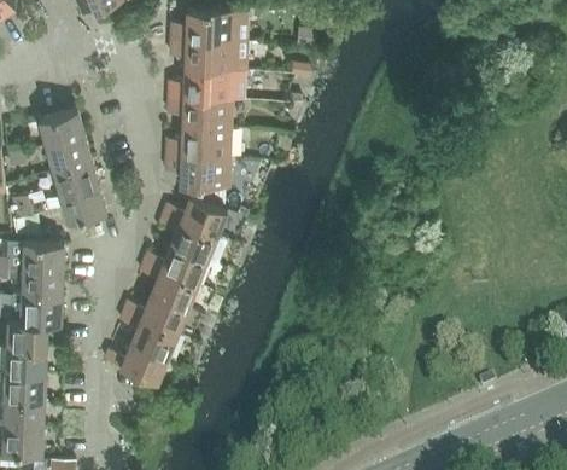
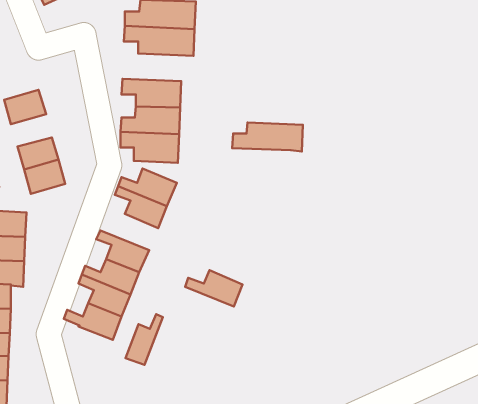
building: [169,68,246,99] -> [232,123,303,151]
building: [47,134,92,169] -> none
building: [145,243,207,283] -> [185,270,243,307]
building: none -> [126,314,163,365]

